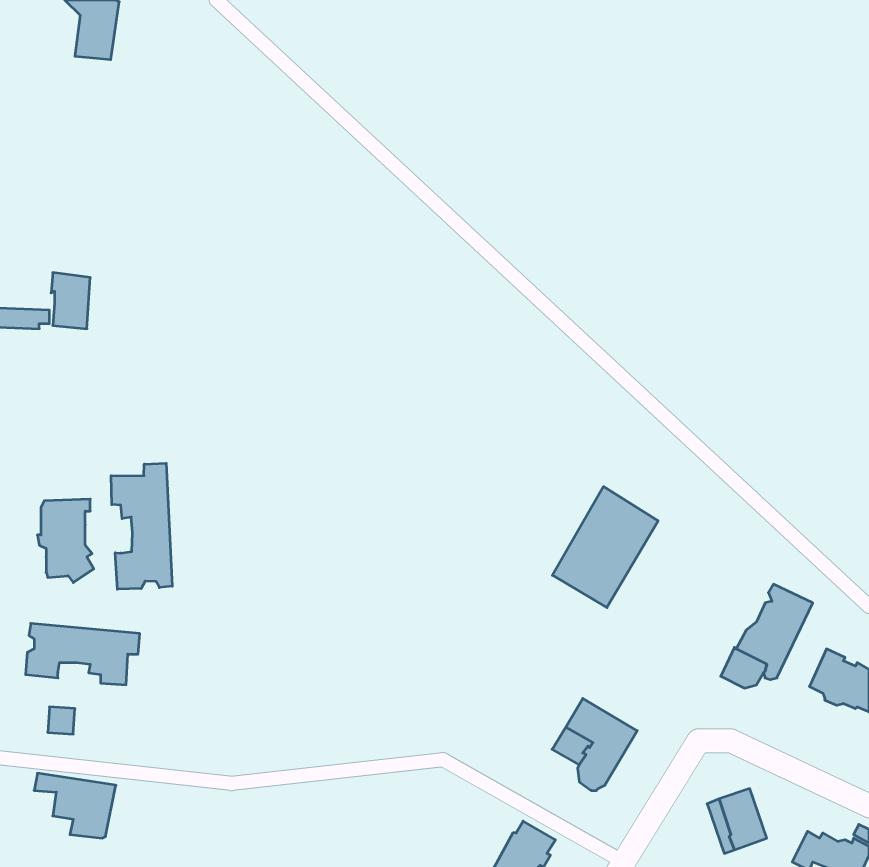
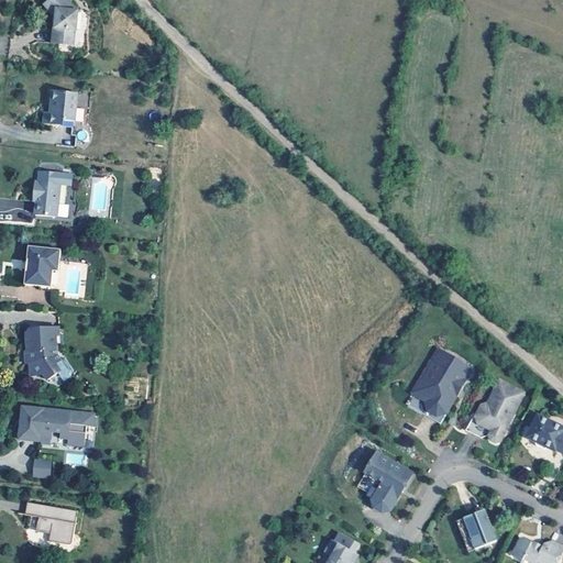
building: none -> [41,87,75,121]
building: none -> [24,244,60,284]
building: [111,463,172,589] -> none
building: [552,487,658,608] -> [409,339,477,417]

